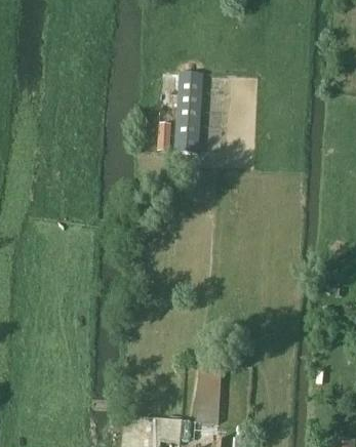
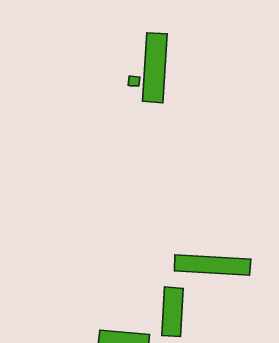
building: none -> [174,255,251,275]

